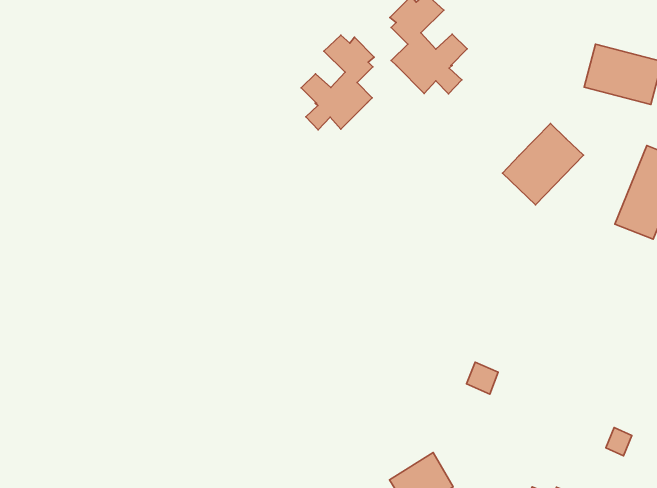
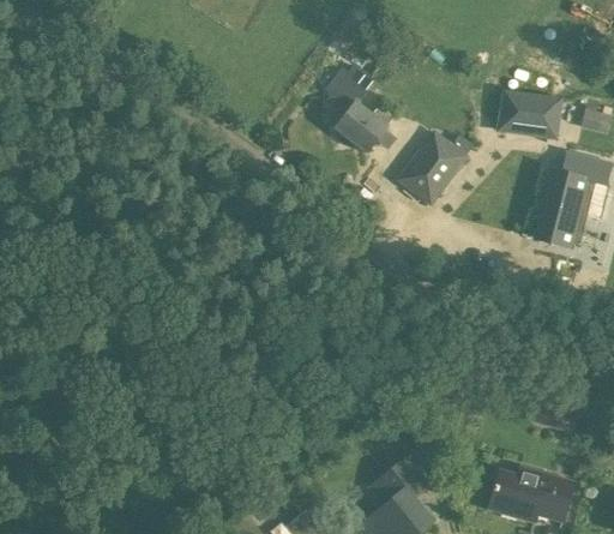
building: [301,35,374,130] -> none
building: [502,124,584,205] -> [398,132,464,202]

